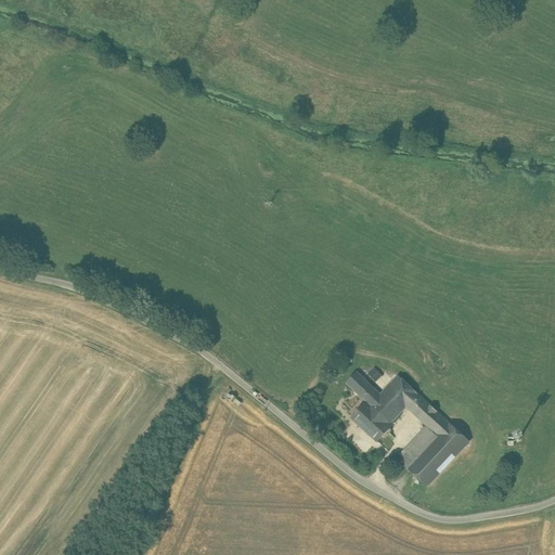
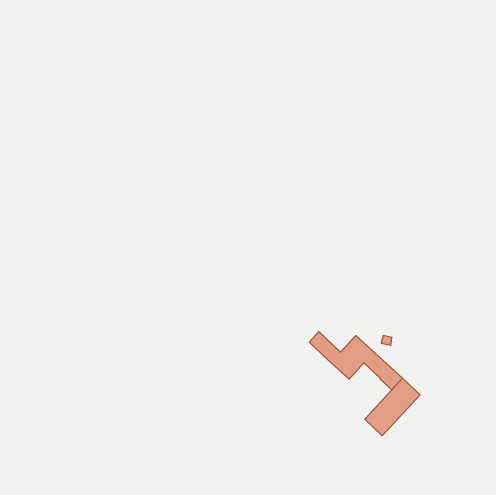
building: [351,401,390,439] -> none
building: [395,424,437,467] -> none

